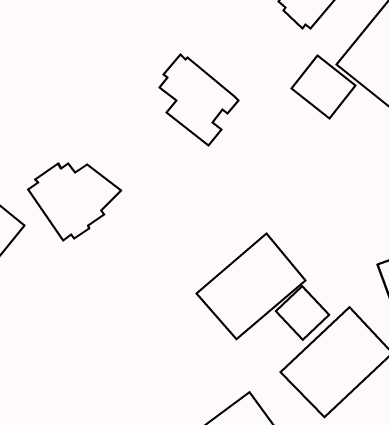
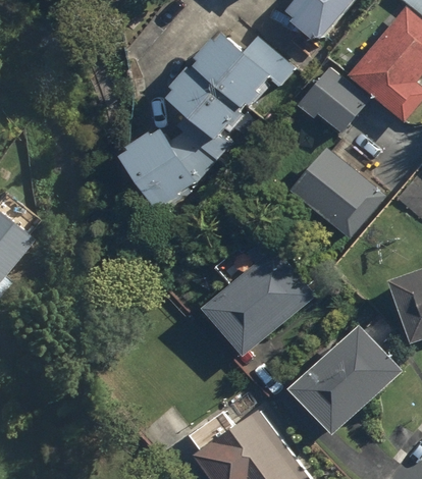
building: none -> [194,34,291,109]
building: none -> [292,148,382,236]
building: [28,163,121,240] -> [120,131,215,210]
building: [276,286,329,340] -> none

